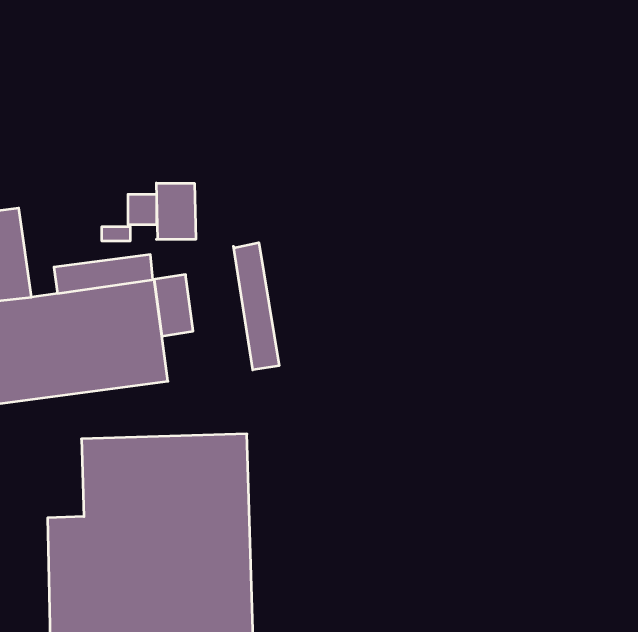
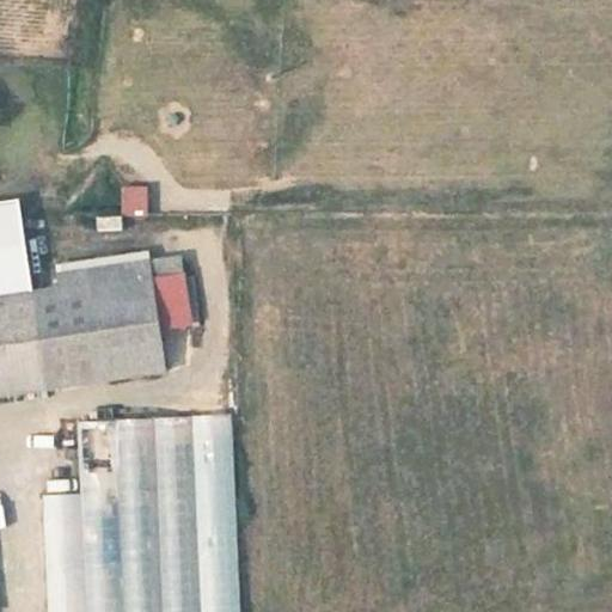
building: [156,183,196,239] -> none
building: [233,243,279,370] -> none

